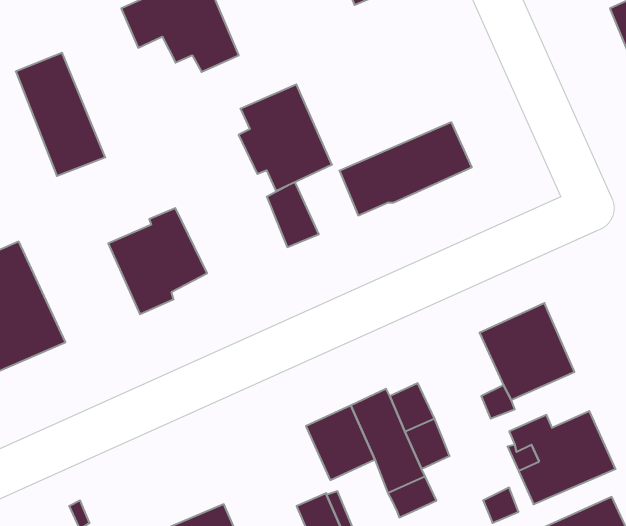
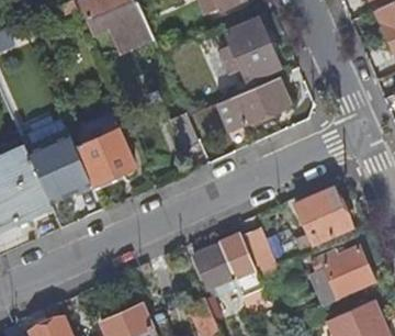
building: [16,53,105,176] -> [27,135,80,208]
building: [239,84,332,191] -> [225,20,280,82]

